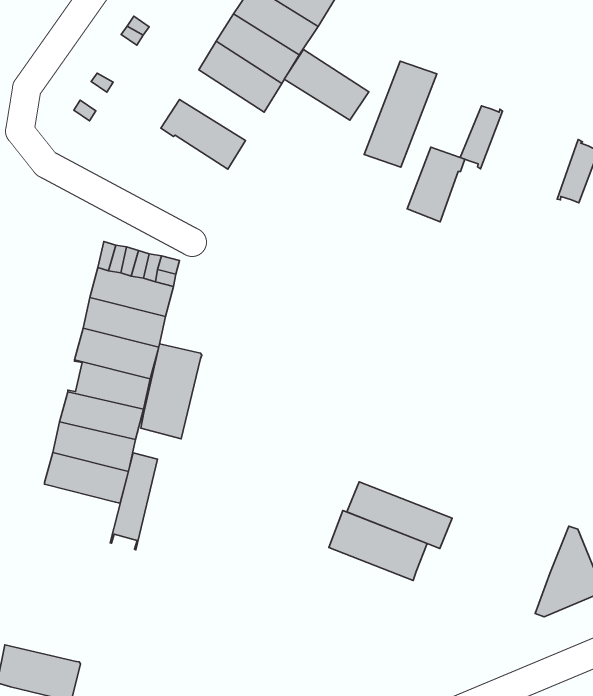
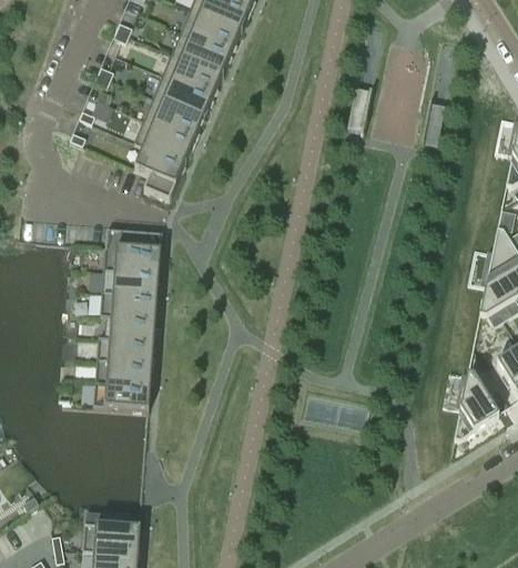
building: [284,49,369,120] -> [142,95,203,140]
building: [364,61,437,167] -> none
building: none -> [133,144,184,200]
building: [407,147,465,222] -> none
building: [141,344,202,439] -> none
building: [110,453,158,550] -> none
building: [347,482,452,548] -> none

